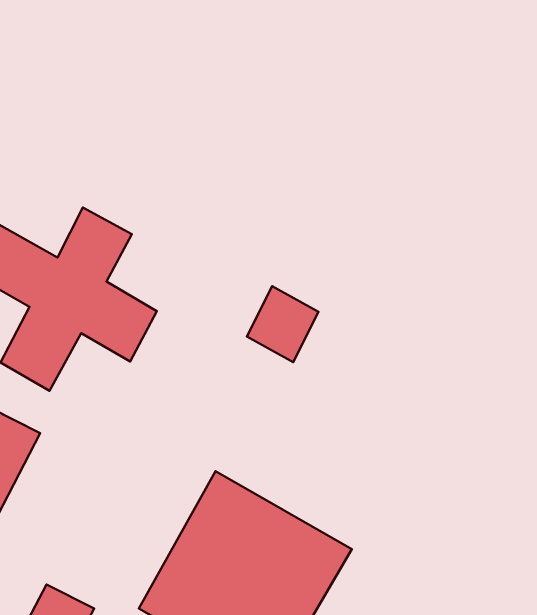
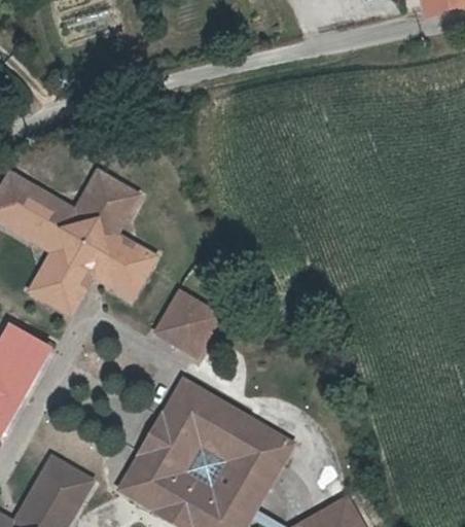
building: [247,286,319,362] -> [163,295,218,354]

